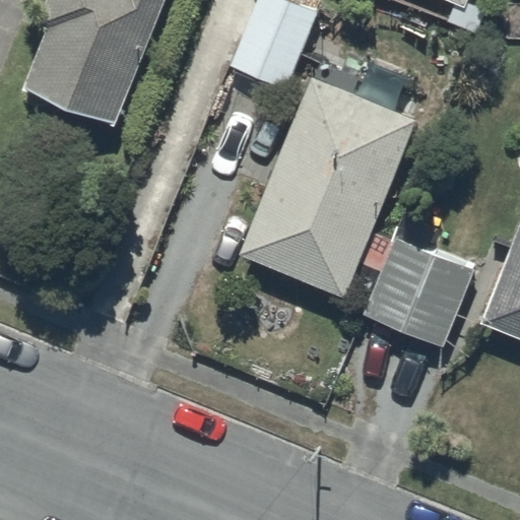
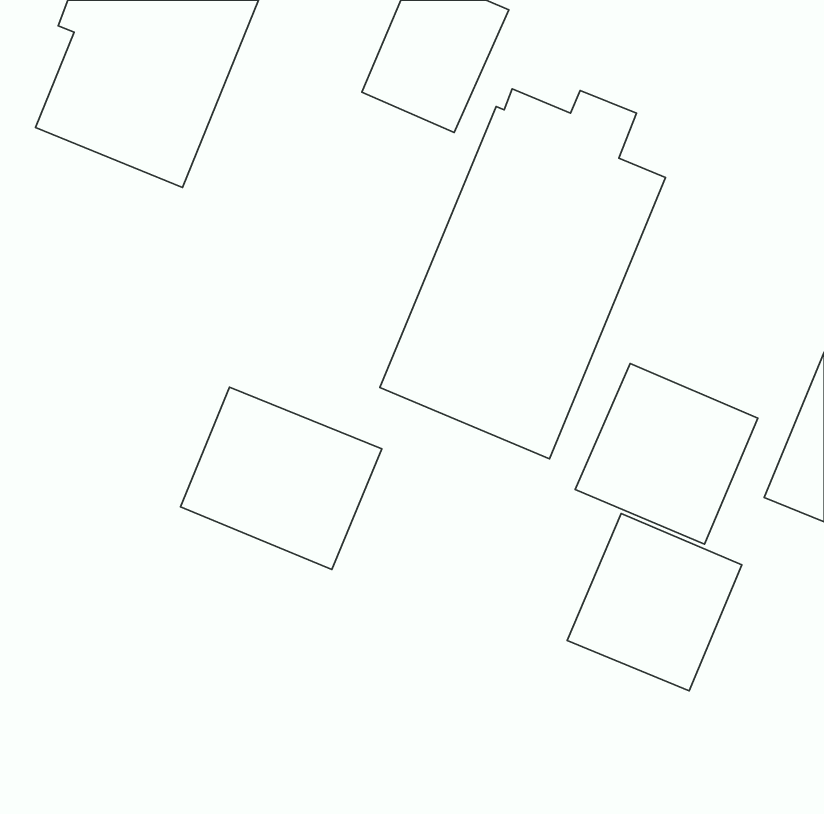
building: none -> [181,387,382,570]
building: none -> [567,513,742,691]

